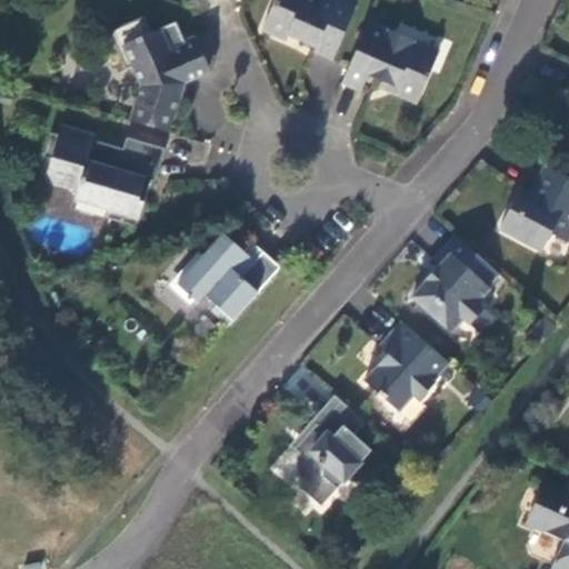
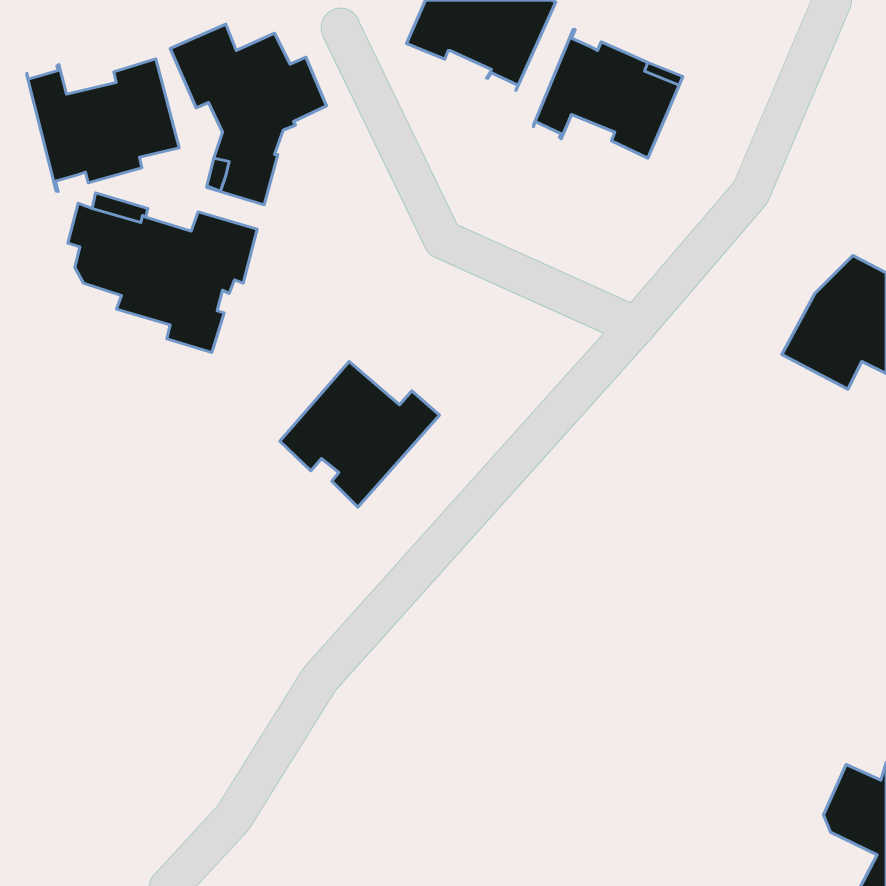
building: none -> [27,59,179,192]
building: [412,233,500,330] -> none
building: [365,320,449,410] -> none
building: [295,399,371,505] -> none

